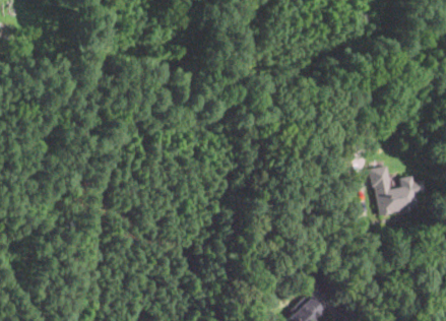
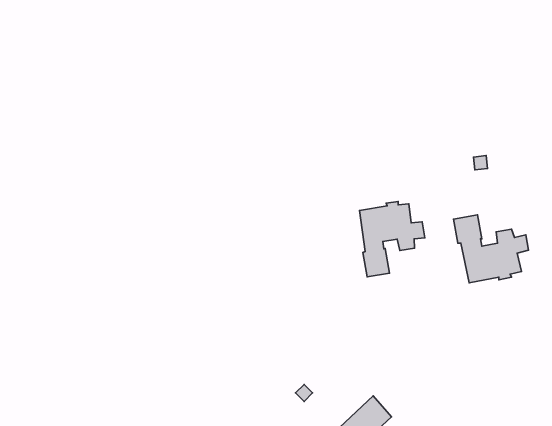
building: none -> [359,202,425,277]

